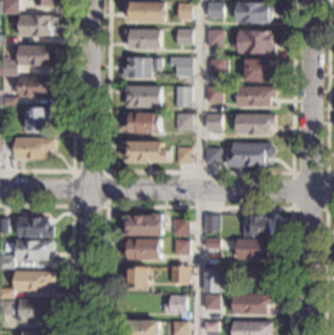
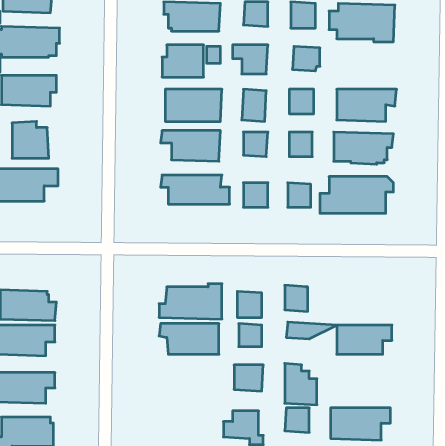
building: [243,59,274,81] -> none
building: [243,214,271,236] -> none
building: [127,265,148,286] -> none

